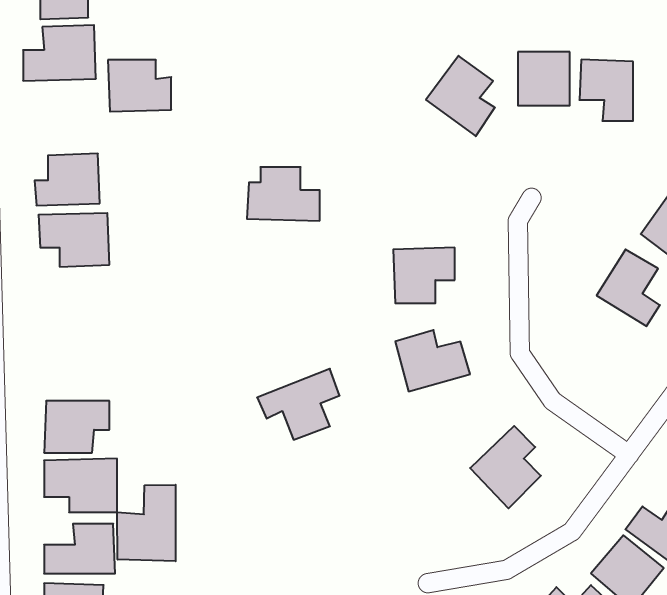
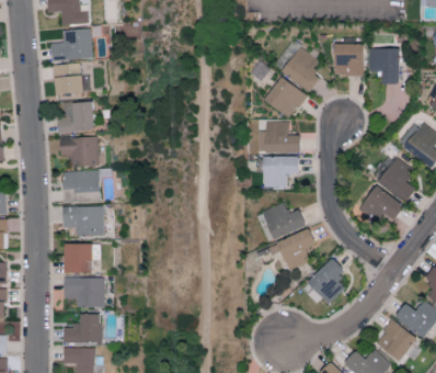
building: [108,60,171,112] -> [53,64,89,93]
building: none -> [264,77,308,116]
building: [247,167,320,221] -> [257,122,299,152]
building: none -> [62,170,101,200]
building: none -> [362,188,403,219]
building: none -> [61,206,104,235]
building: [257,369,340,440] -> [267,229,314,270]
building: [117,485,176,561] -> none

